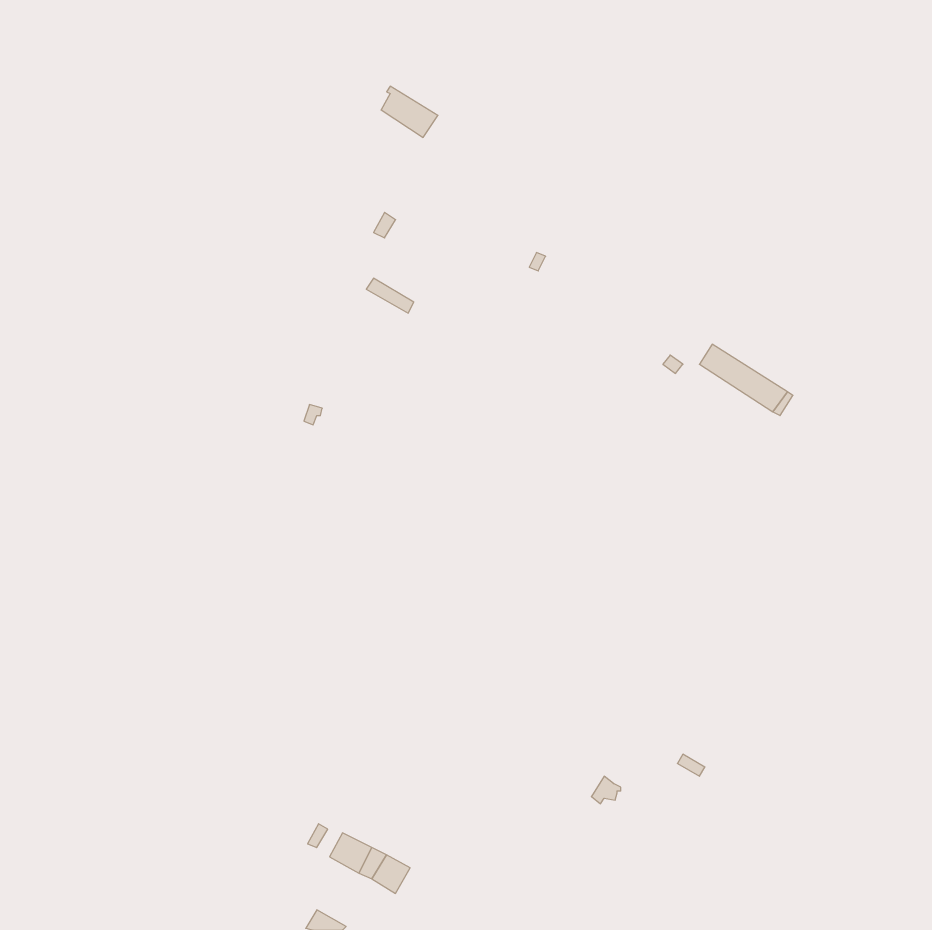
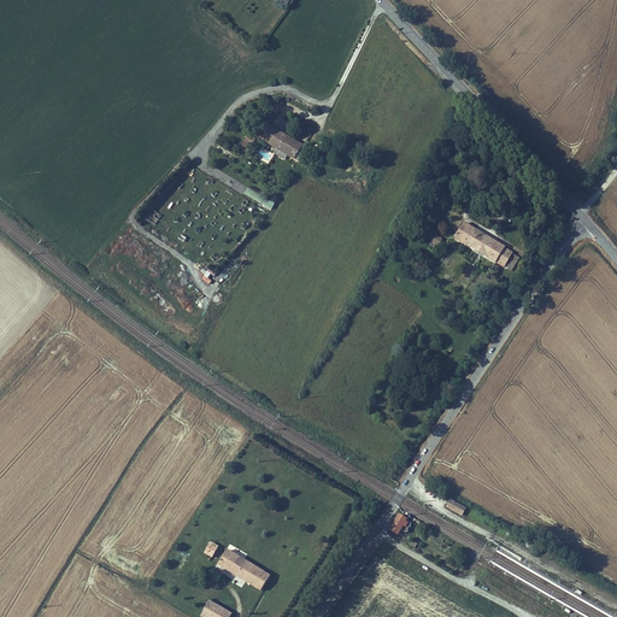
building: [381,86,438,137] -> [264,127,301,160]

